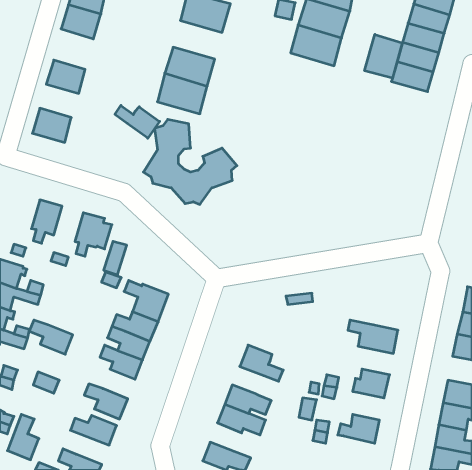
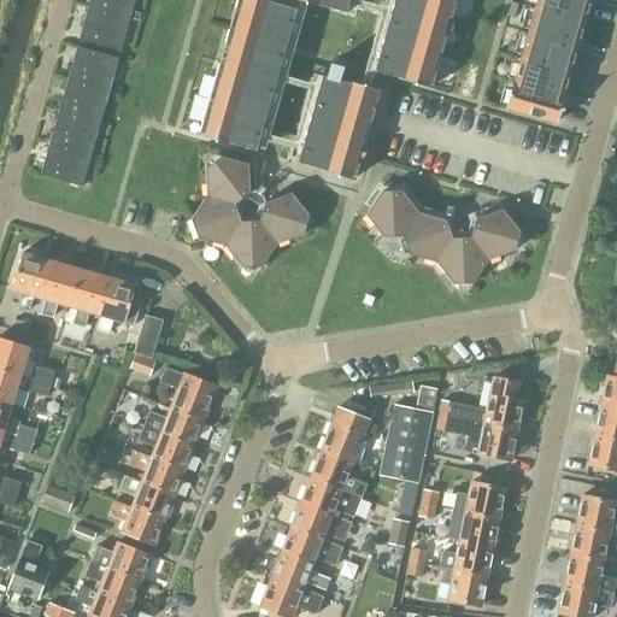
building: none -> [225,27,289,77]
building: [365,34,402,78] -> none
building: none -> [70,47,121,90]
building: none -> [300,60,377,175]
building: none -> [52,110,102,153]
building: [115,105,160,138] -> none
building: none -> [369,190,518,283]
building: none -> [12,252,52,310]
building: none -> [70,269,108,327]
building: none -> [439,376,525,430]
building: none -> [381,384,439,483]
building: none -> [323,407,380,462]
building: [29,320,73,354] -> [119,475,176,519]
building: none -> [302,477,363,516]
building: none -> [456,510,500,547]
building: none -> [274,551,333,590]
building: none -> [86,560,142,605]
building: none -> [443,568,488,606]

